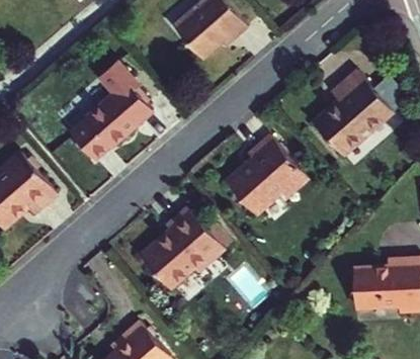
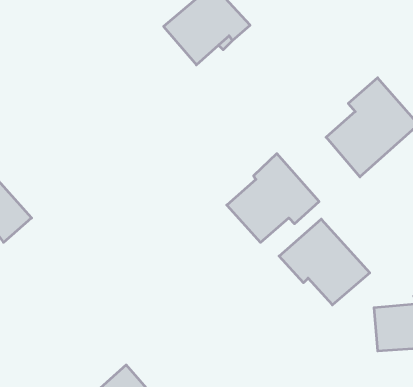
building: [69,62,153,161] -> none
building: none -> [279,219,370,305]
building: [140,205,224,288] -> none

